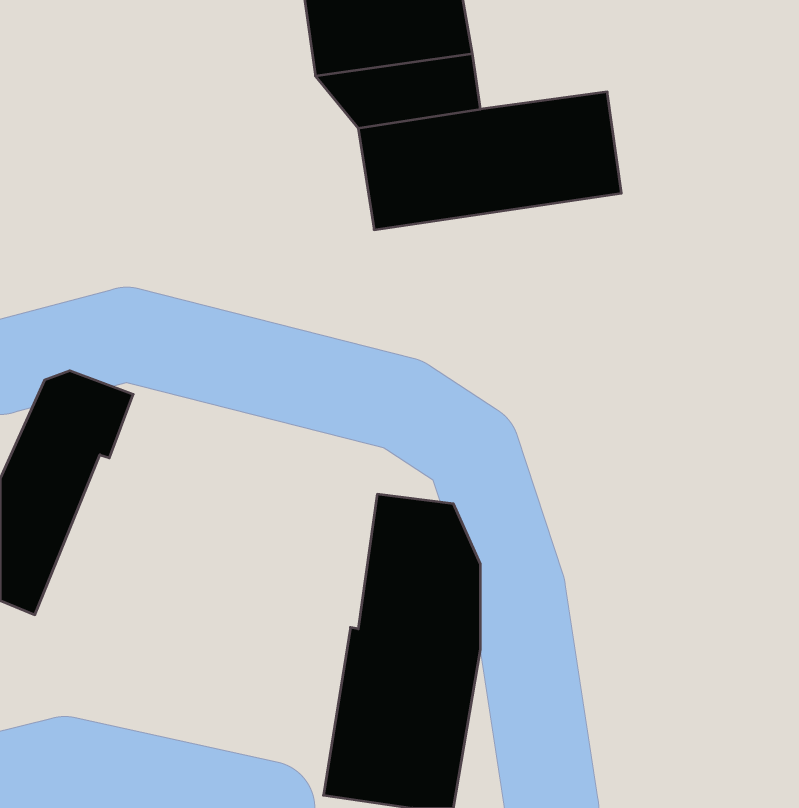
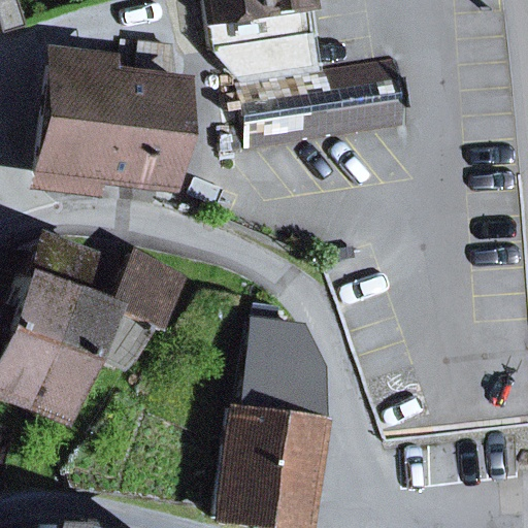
building: none -> [40,41,184,189]
building: none -> [30,255,184,416]

